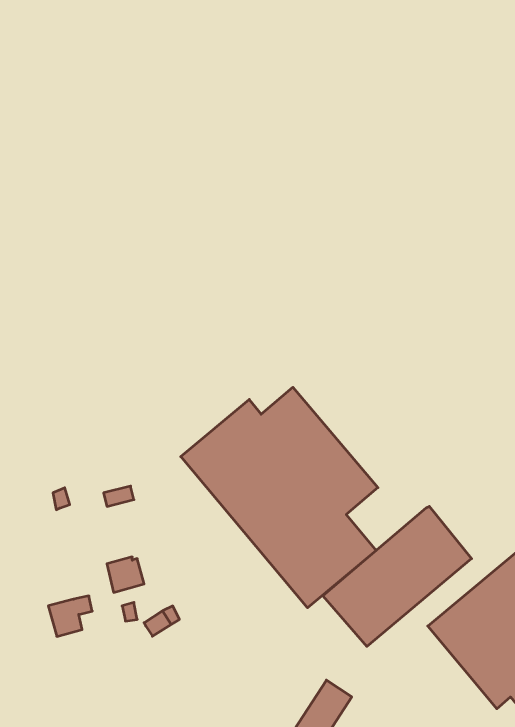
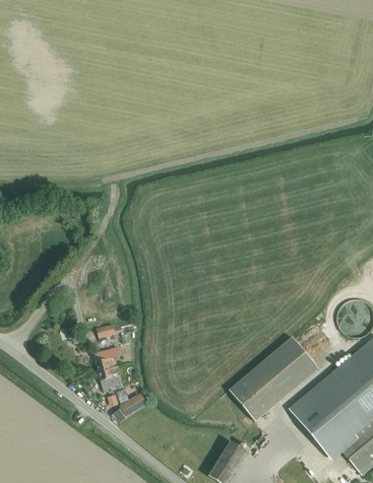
building: [181,387,378,608] -> none
building: [48,596,92,636] -> [92,346,119,370]

